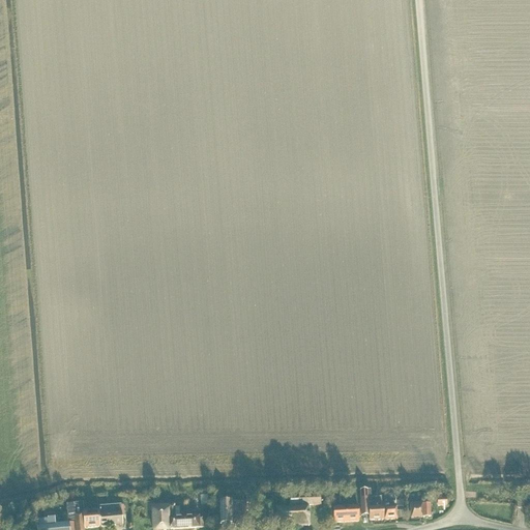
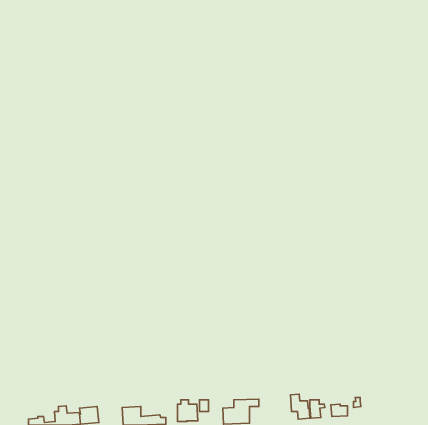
building: [332,503,358,521] -> none

